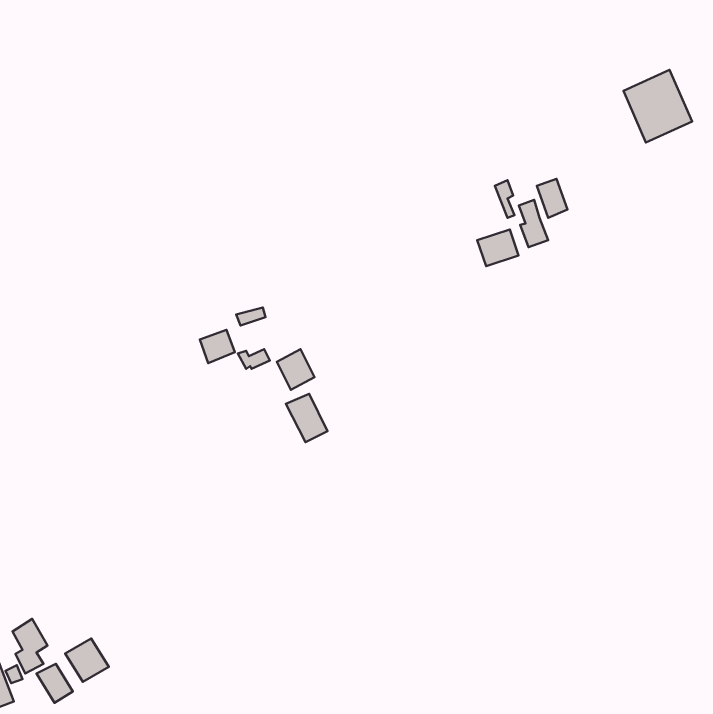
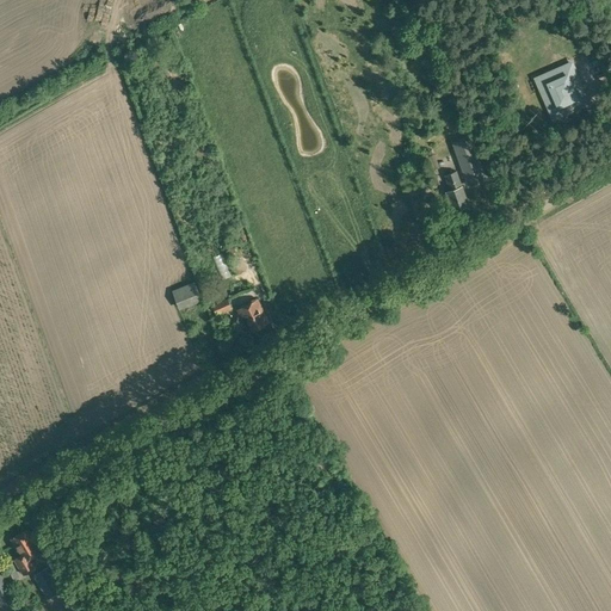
building: [477,230,519,266] -> none
building: [286,394,328,442] -> none
building: [65,638,109,682] -> none

